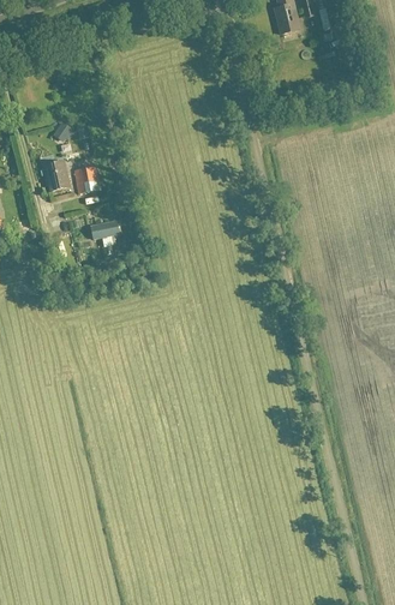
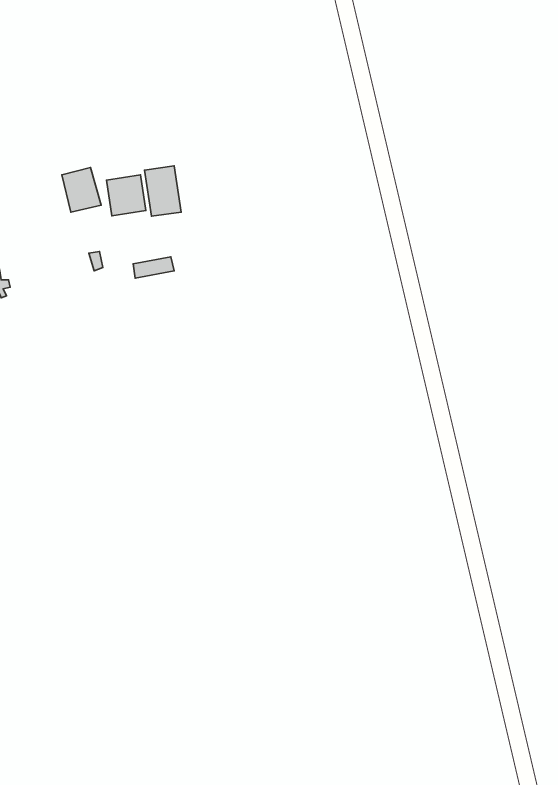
building: none -> [144,166,181,216]

